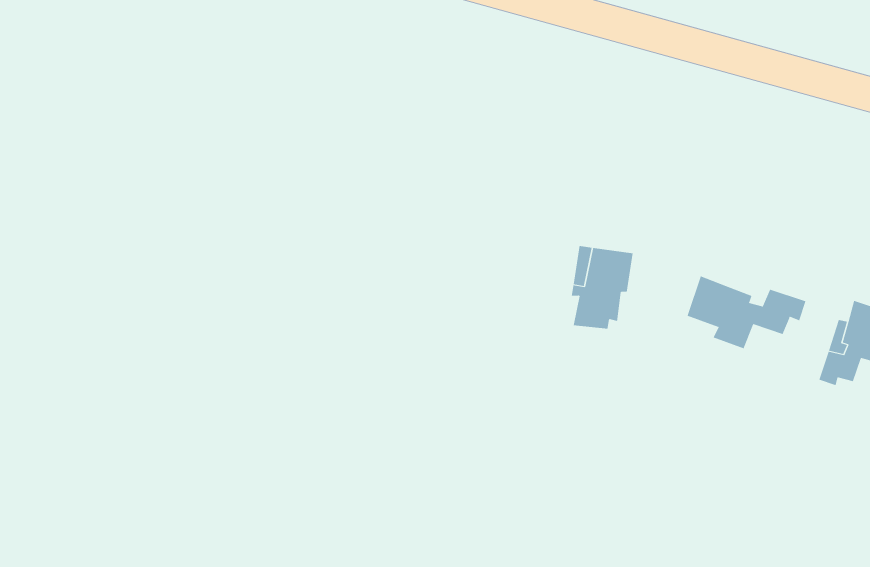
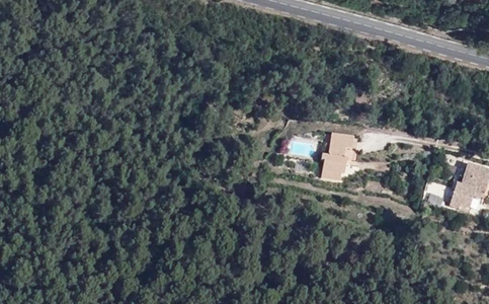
building: [687,275,806,349] -> none

